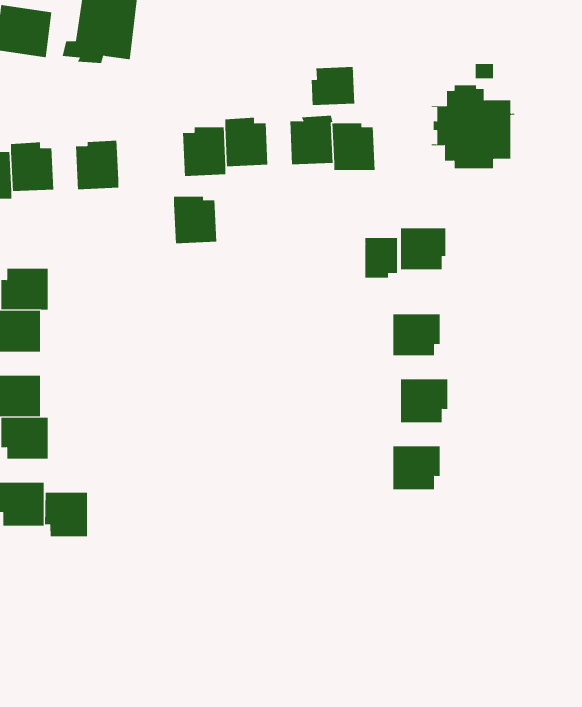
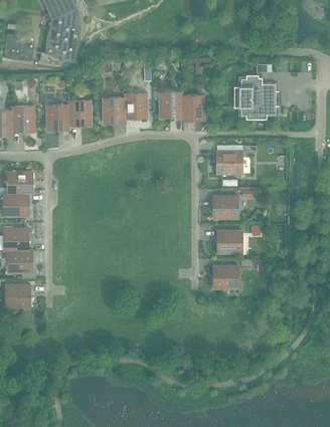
building: [311,66,355,106] -> none
building: [173,196,217,244] -> [68,99,92,125]
building: [365,237,397,279] -> none
building: [45,492,88,537] -> none

